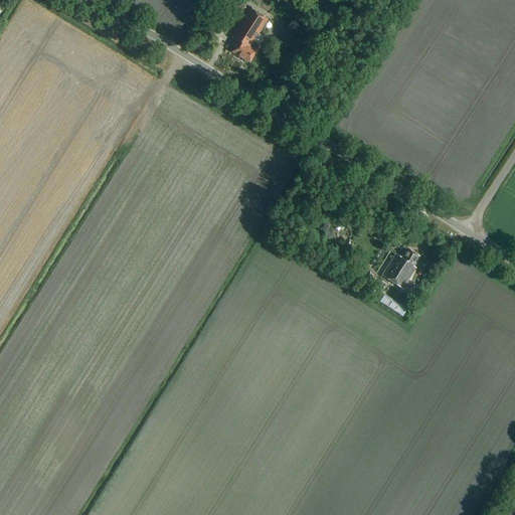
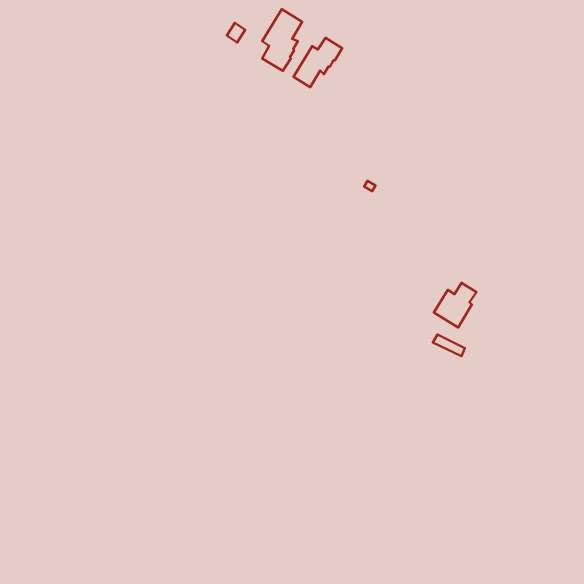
building: none -> [293,38,342,87]

